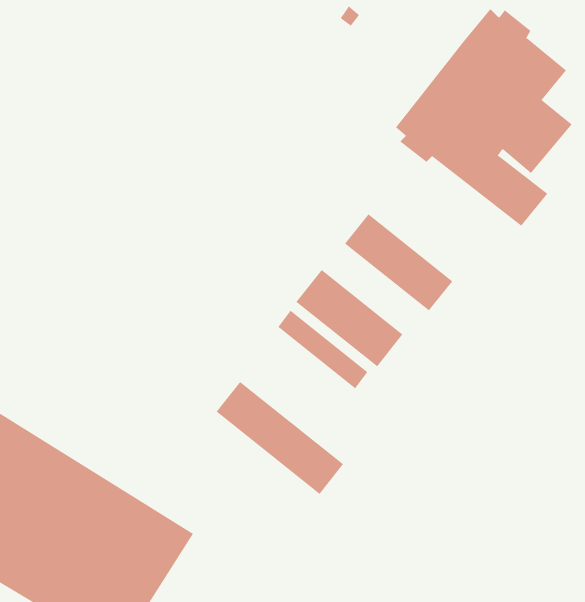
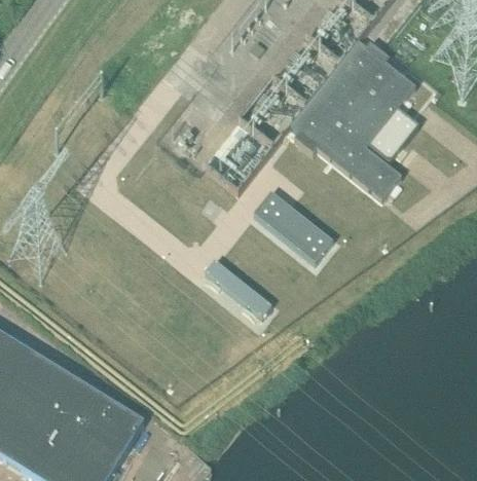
building: [296,269,403,367] -> none
building: [216,381,344,495] -> none

